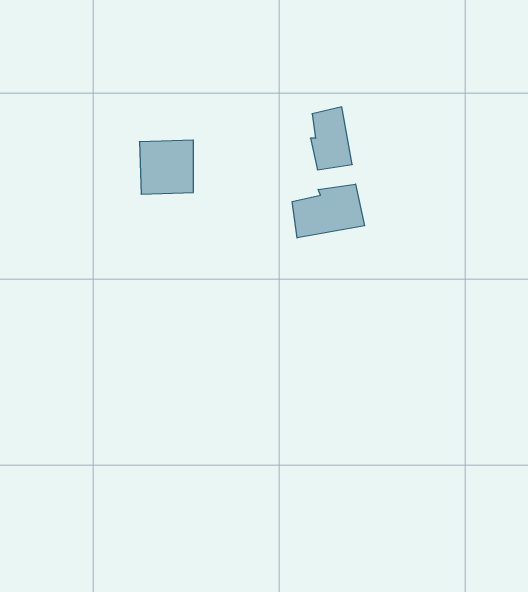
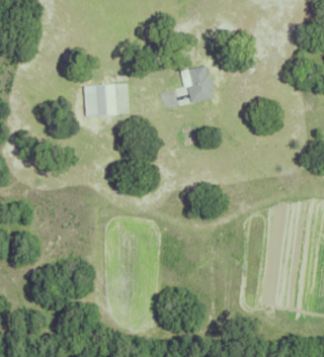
building: [292,184,364,238] -> none

